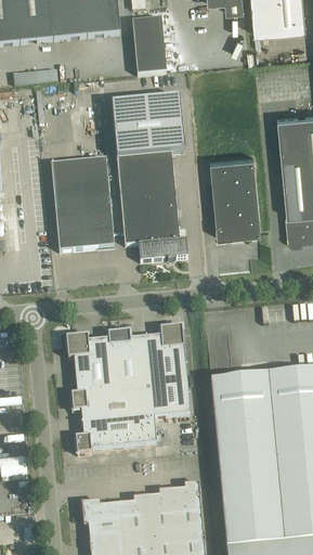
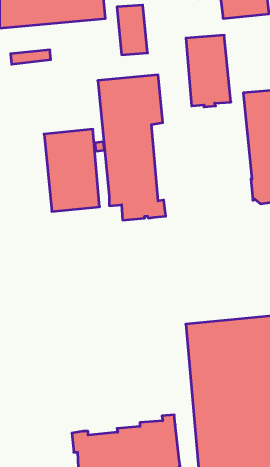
building: [210,154,261,235] -> [186,35,231,107]
building: [66,324,191,452] -> none

